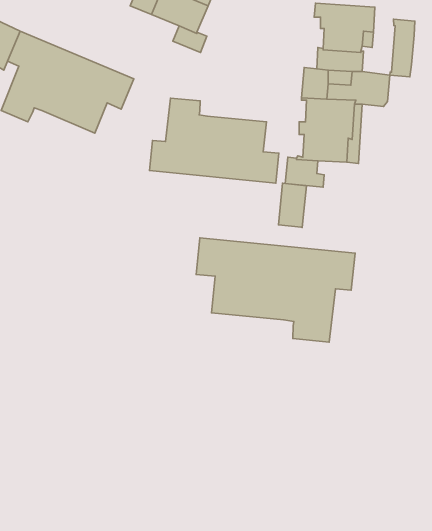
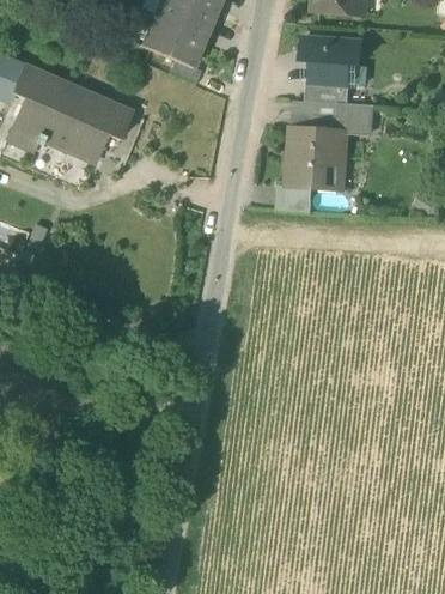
building: [390,19,415,77] -> none
building: [149,98,279,183] -> none
building: [278,183,306,228] -> none
building: [196,238,355,342] -> none

